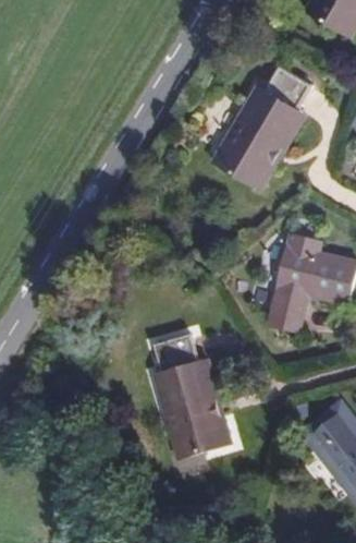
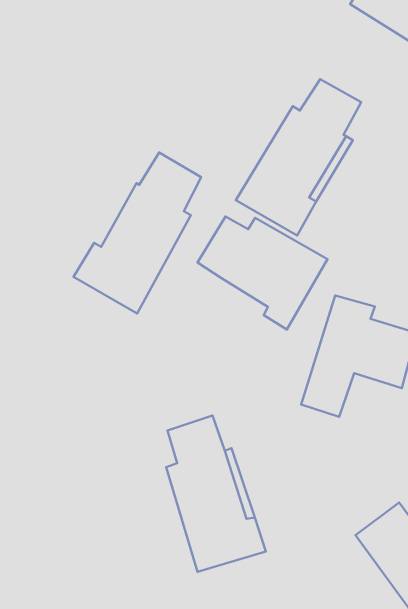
building: none -> [74,152,201,314]
building: none -> [198,216,327,329]

